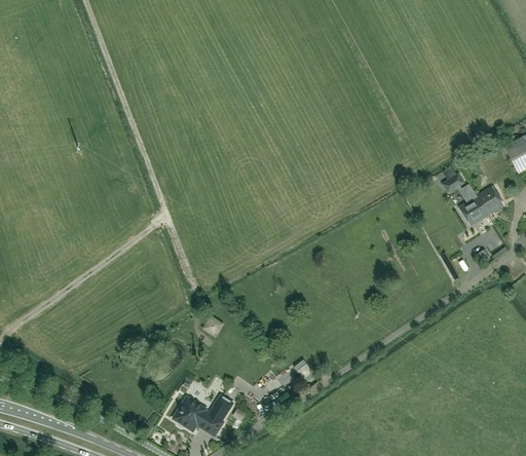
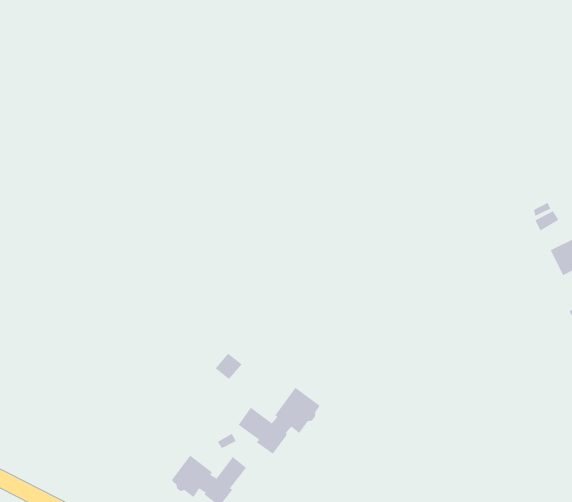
building: none -> [238,387,320,455]

